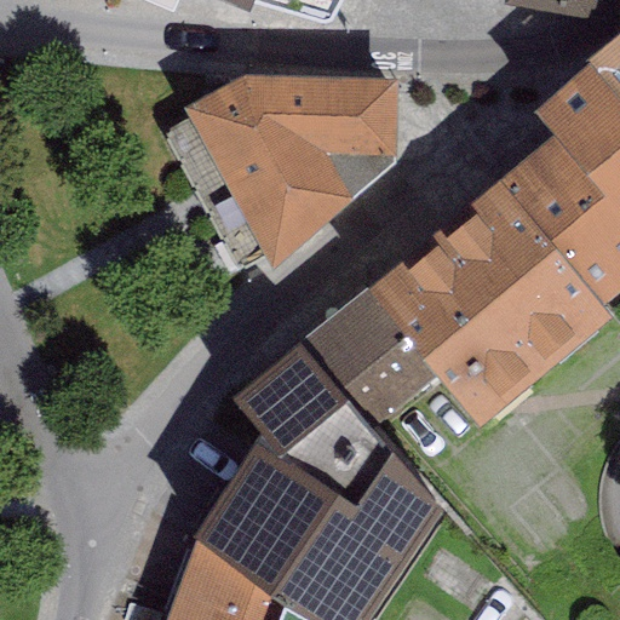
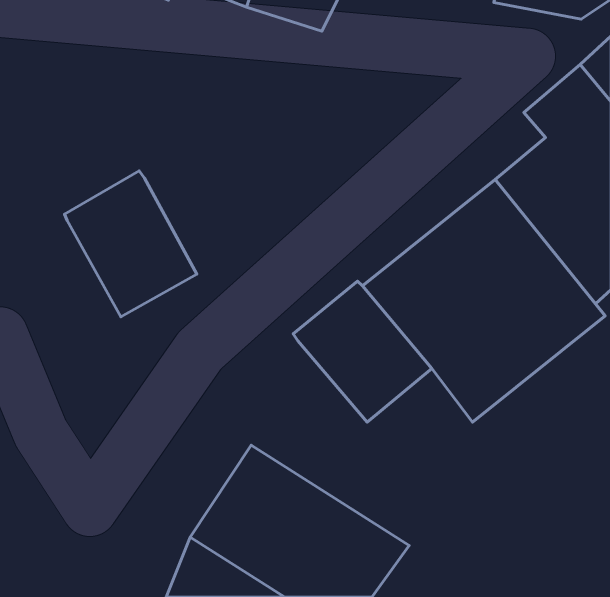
building: [183,69,396,264] -> none
building: none -> [64,171,197,317]
building: [232,345,441,552] -> none

